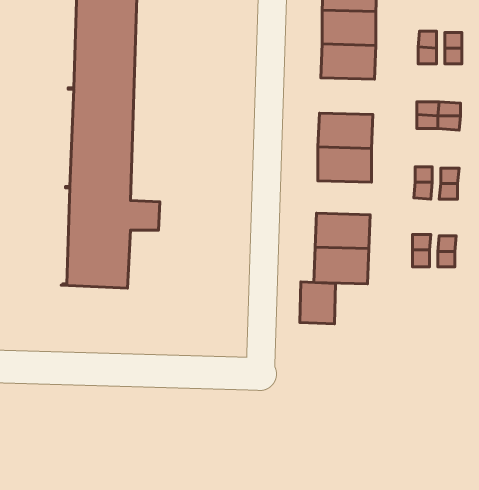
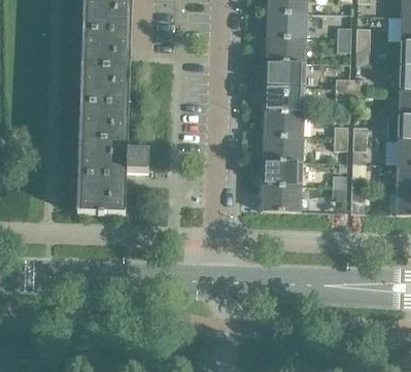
building: none -> [265,60,305,87]
building: none -> [263,135,303,160]
building: [300,282,335,324] -> none

